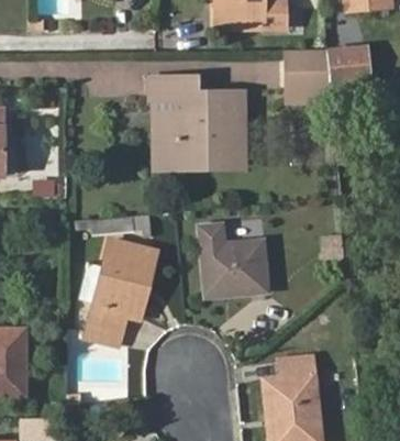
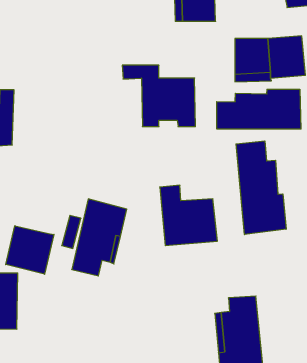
building: [160,96,241,166] -> none
building: none -> [217,89,301,129]
building: none -> [236,141,286,235]
building: none -> [6,226,54,274]

